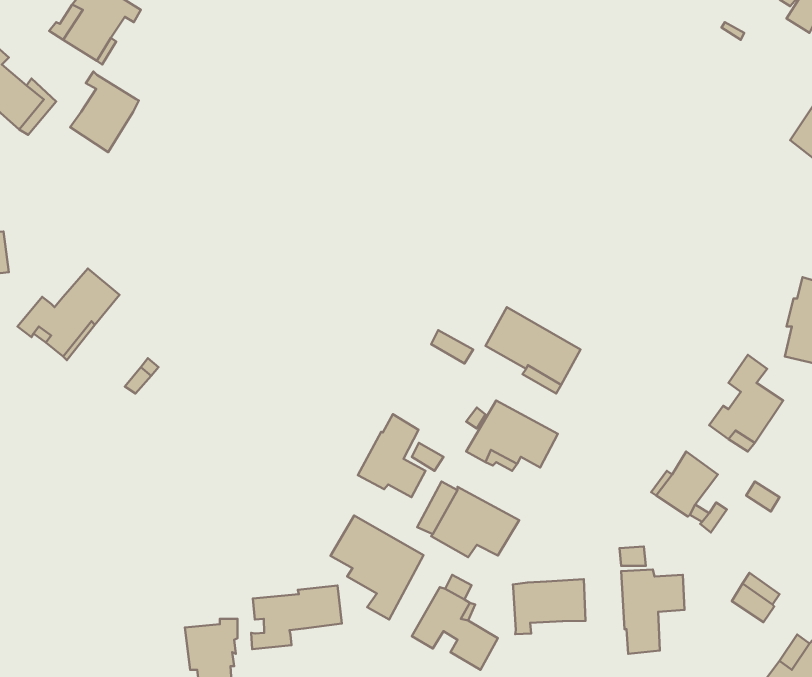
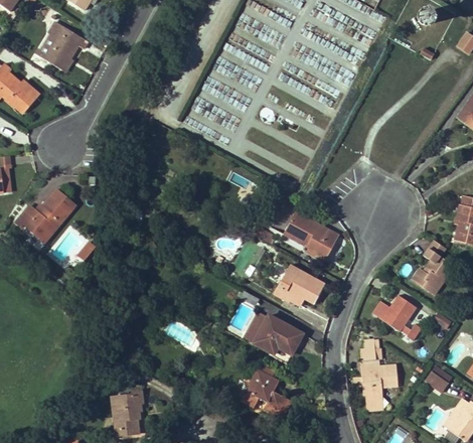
building: [70,72,139,152] -> none
building: [358,414,425,497] -> none
building: [331,516,423,620] -> none
building: [513,579,585,634] -> none
building: [251,586,342,649] -> none

